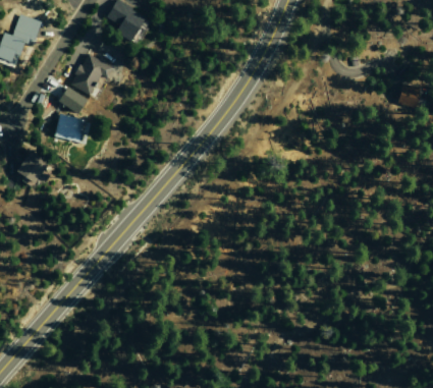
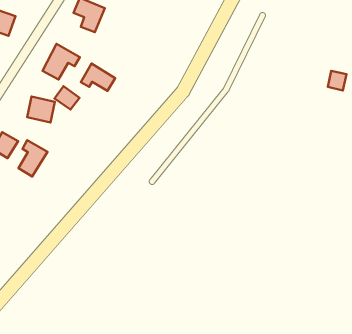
building: none -> [81,64,115,91]
building: [58,88,87,114] -> [54,86,79,109]
building: none -> [18,140,47,177]

